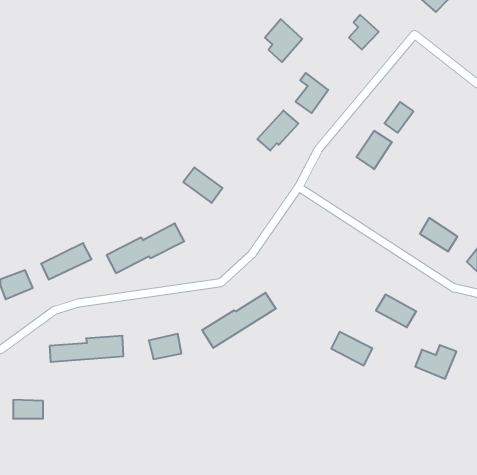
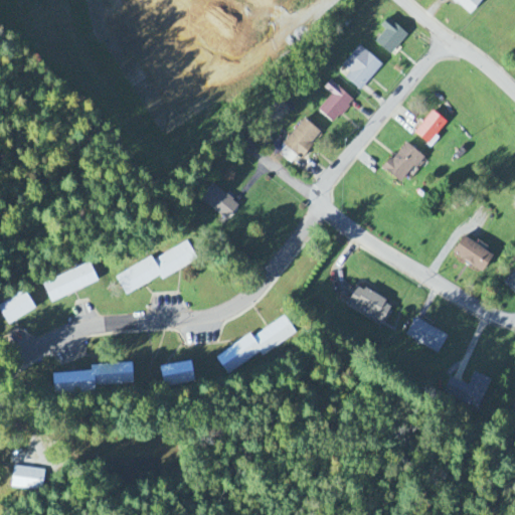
building: [265,19,302,62] -> [342,43,382,90]
building: [331,332,372,365] -> [347,285,391,321]
building: [13,400,43,419] -> [13,466,45,486]

